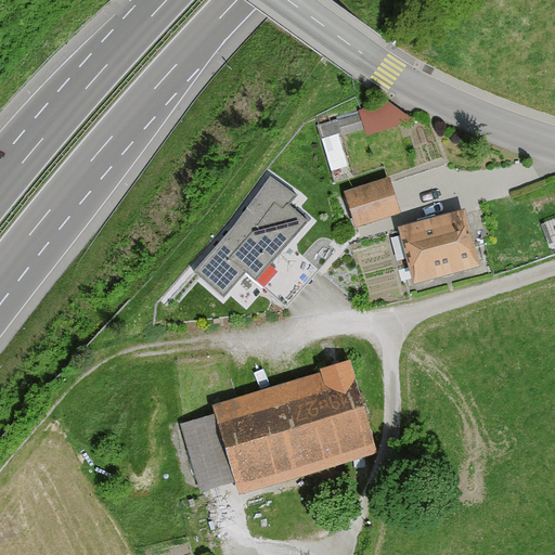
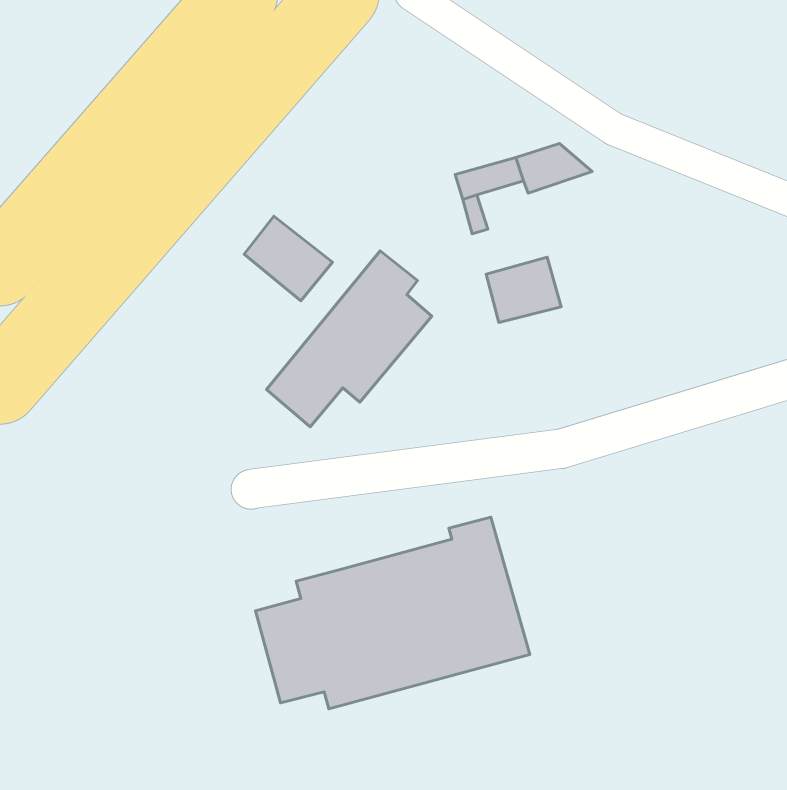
building: none -> [244,216,333,301]
building: [398,210,480,285] -> none

